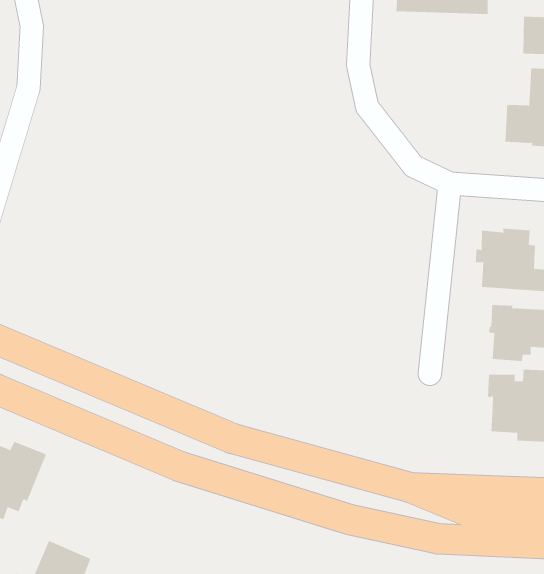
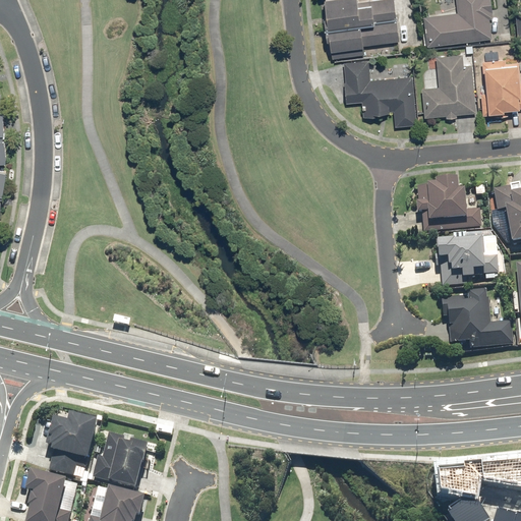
building: none -> [322,19,397,57]
building: none -> [343,59,415,125]
building: none -> [97,431,156,486]

